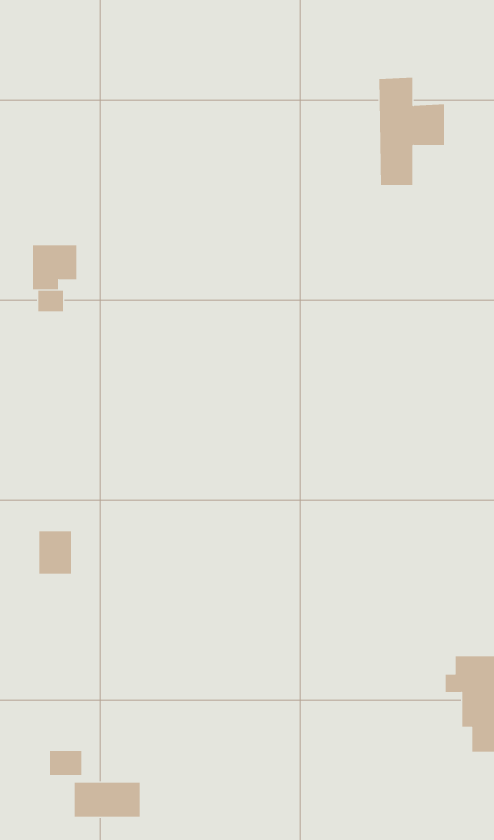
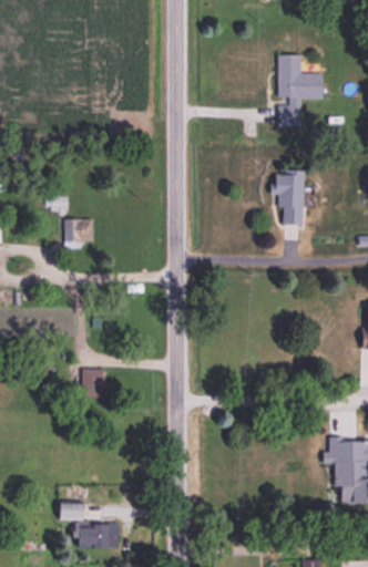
building: [32,245,77,290] -> [65,218,95,248]
building: none -> [274,169,304,225]
building: [39,531,72,574] -> [83,368,105,396]

